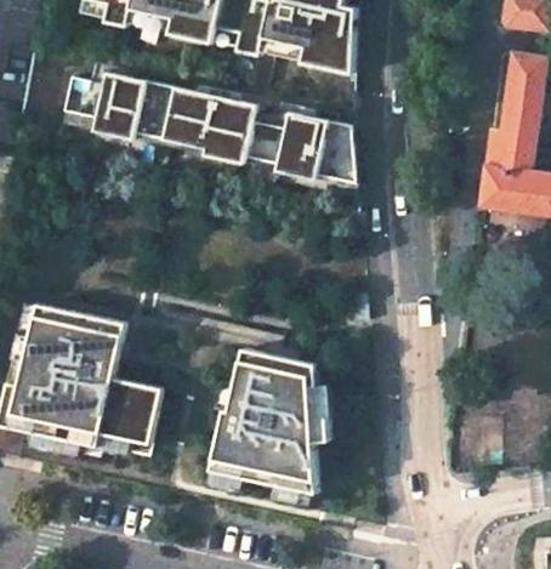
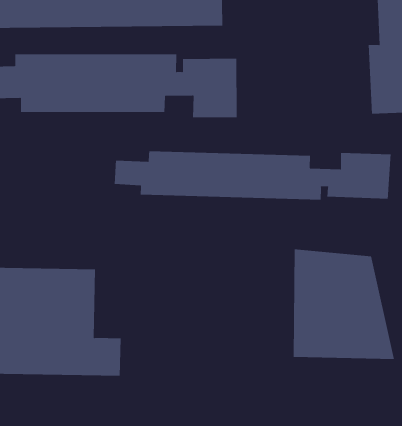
building: none -> [114,150,391,200]
building: [220,358,334,501] -> [293,249,395,359]

